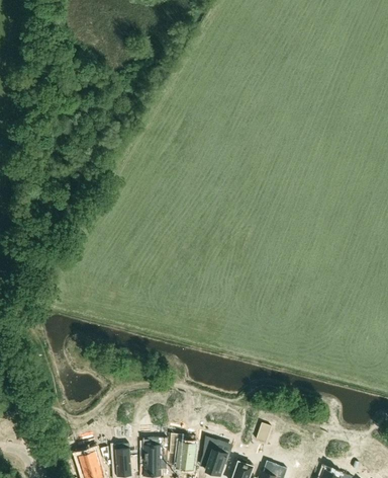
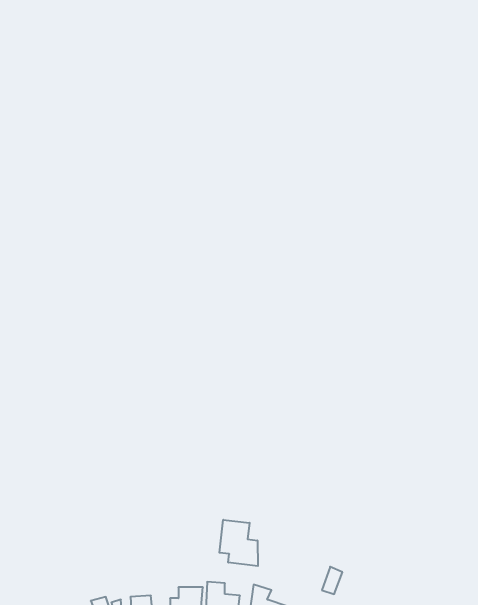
building: none -> [219,520,258,566]

